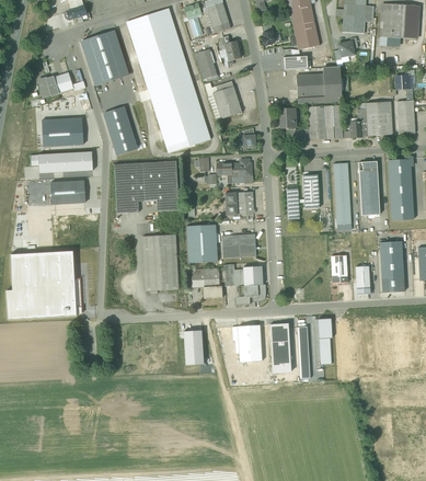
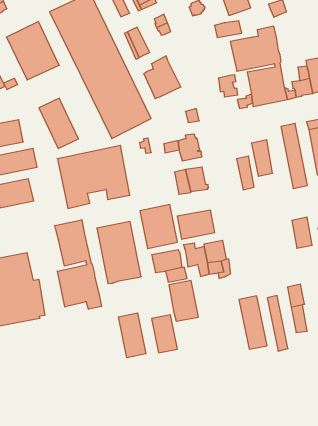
building: none -> [55,220,101,309]
building: none -> [118,313,146,358]
building: [238,324,262,362] -> [169,281,198,321]

